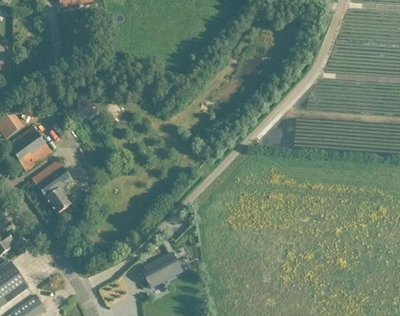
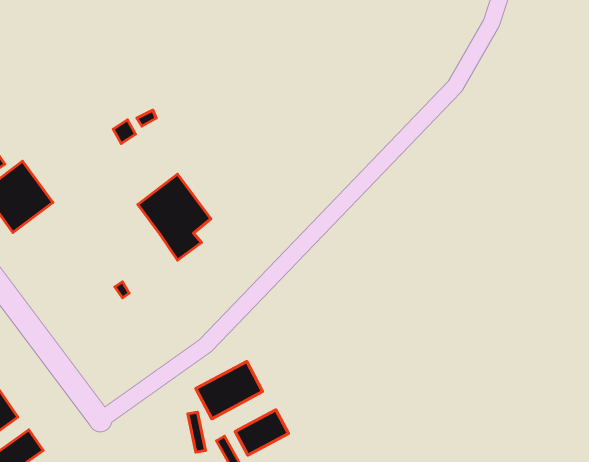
building: [32,159,78,213] -> [138,174,211,260]
building: none -> [235,410,289,455]

